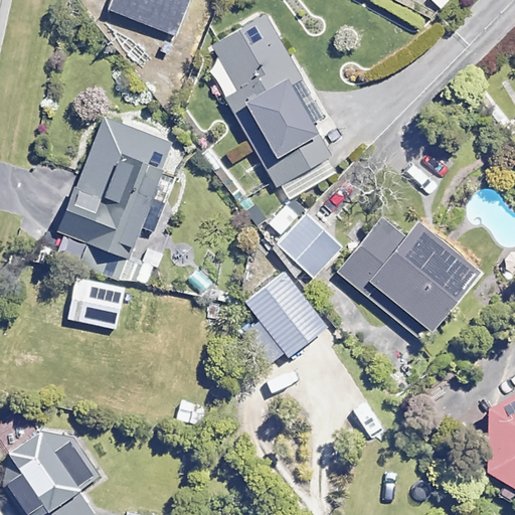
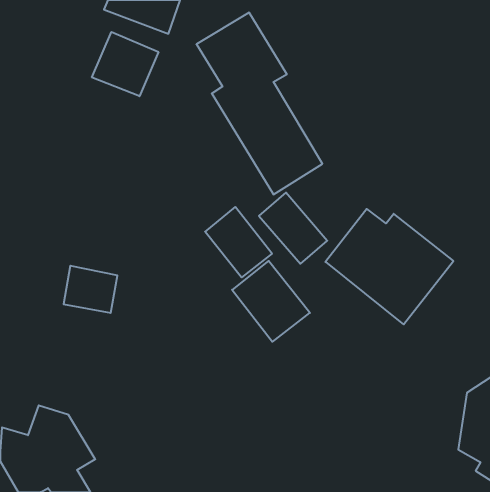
building: none -> [92,32,158,96]
building: [56,117,172,282] -> none
building: none -> [205,207,272,277]

